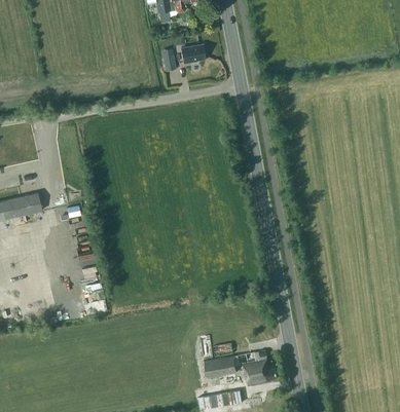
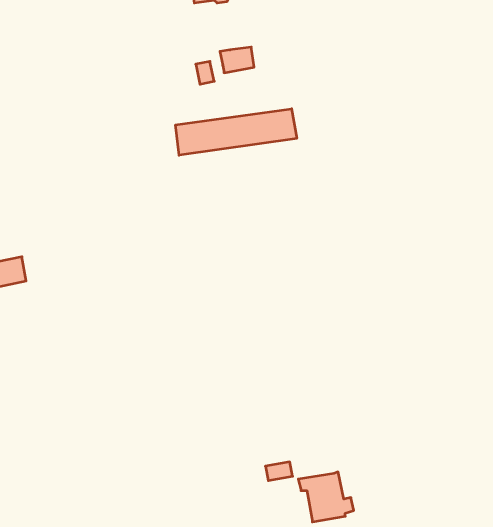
building: none -> [176,109,297,155]
building: [204,357,235,378] -> none

